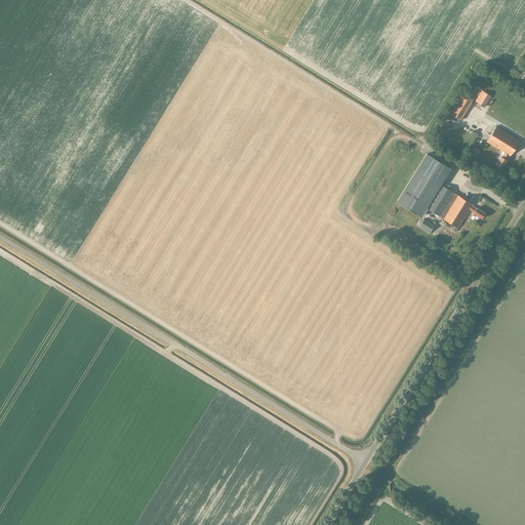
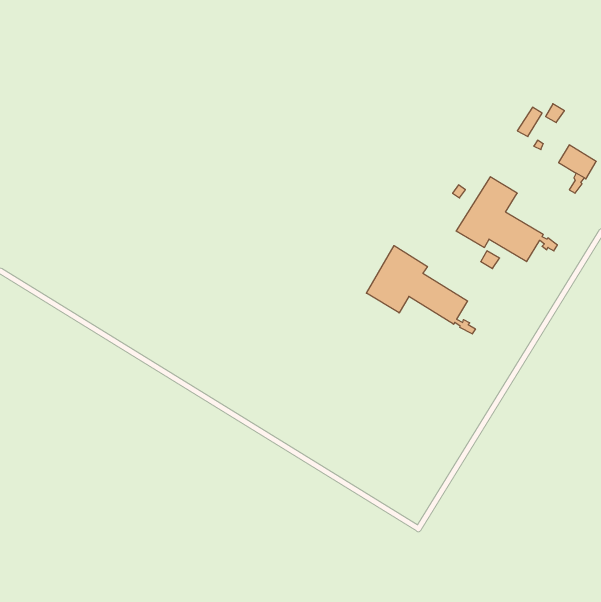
building: none -> [366,246,475,334]

